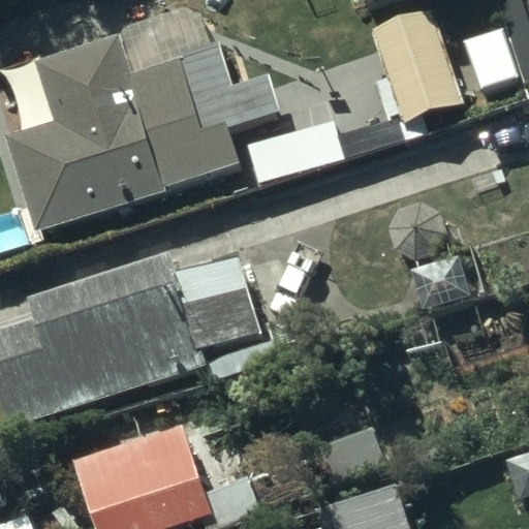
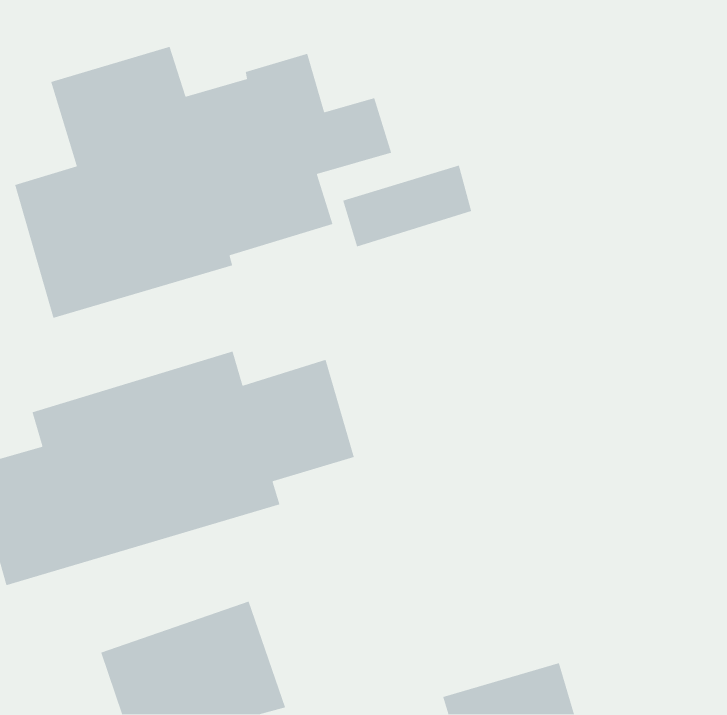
building: [369,9,461,123] -> none

